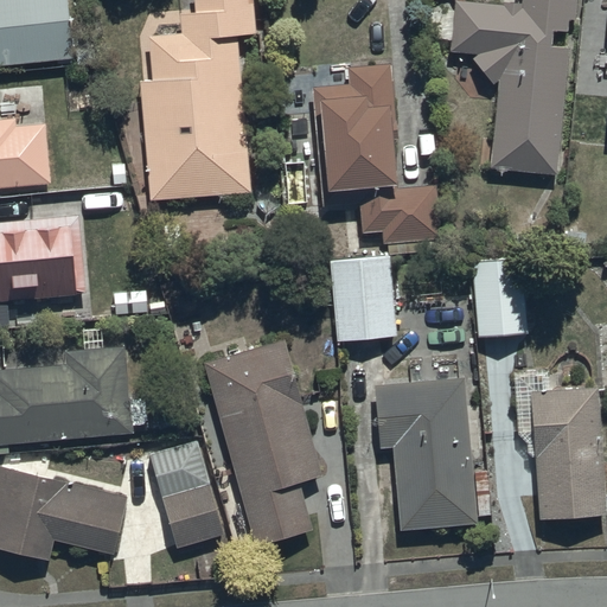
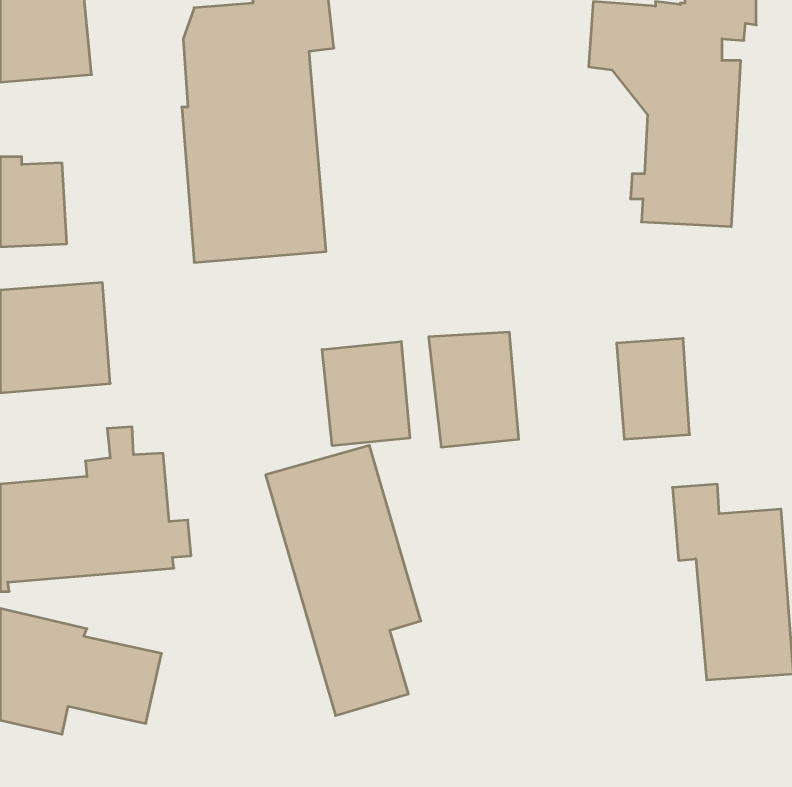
building: [313,64,441,243] -> none
building: none -> [322,341,410,446]
building: [373,378,491,530] -> none
building: [149,440,230,563] -> none

